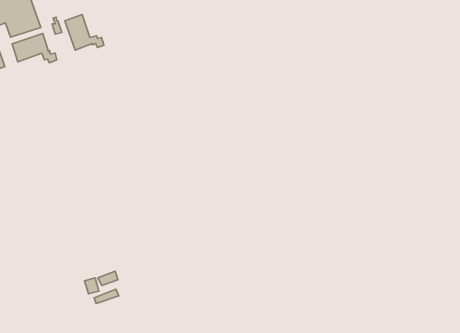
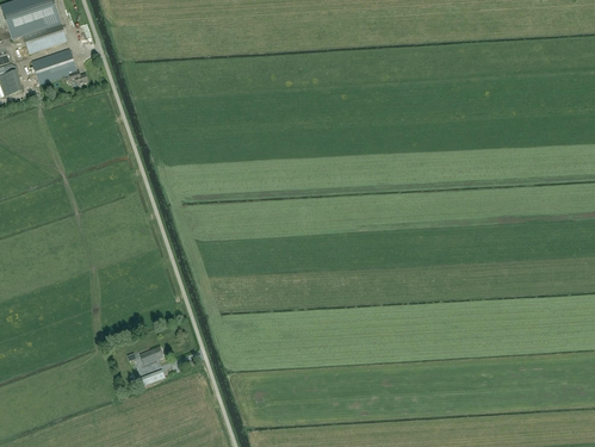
building: [65,14,104,50] -> none

